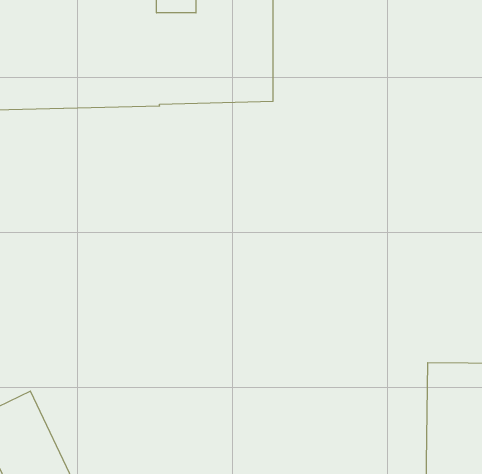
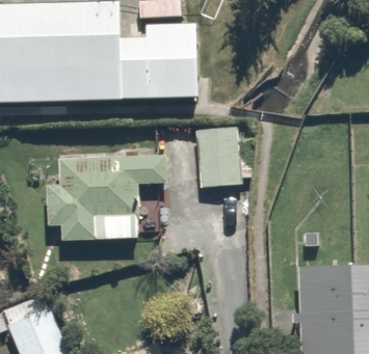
building: none -> [188,121,241,184]
building: none -> [48,154,147,243]

